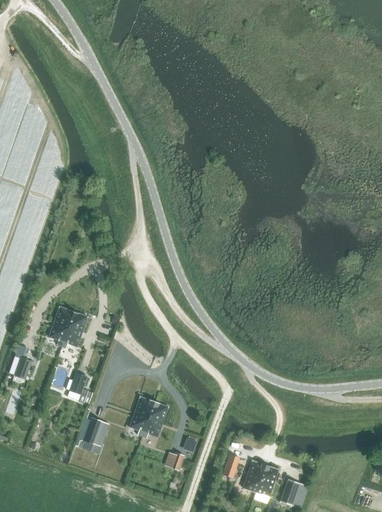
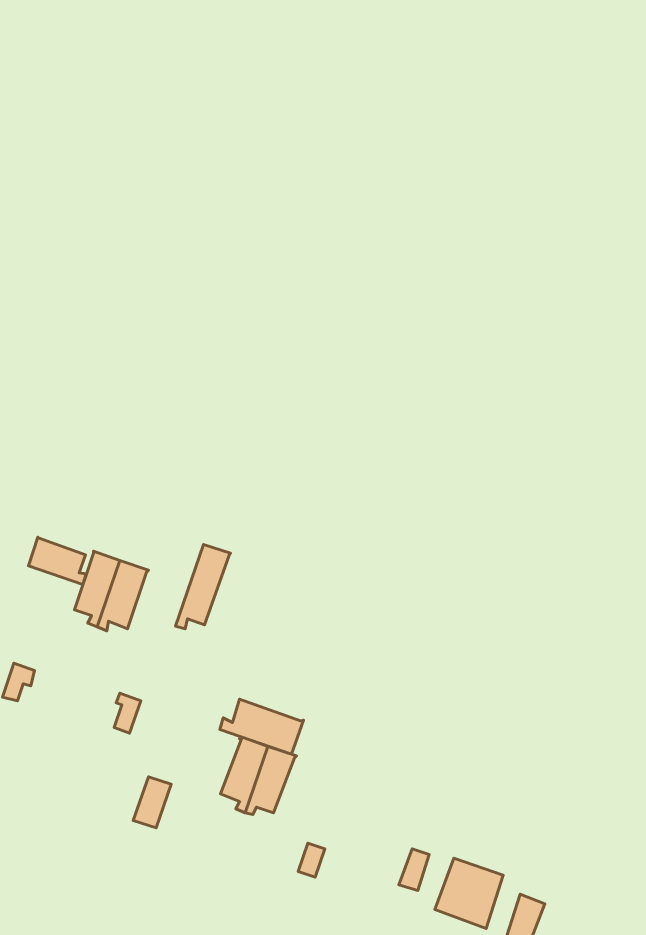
building: none -> [28,537,86,584]
building: none -> [175,544,230,629]
building: none -> [220,699,303,754]

